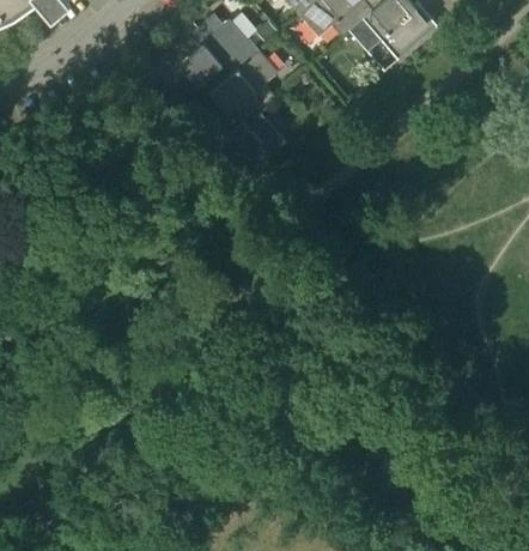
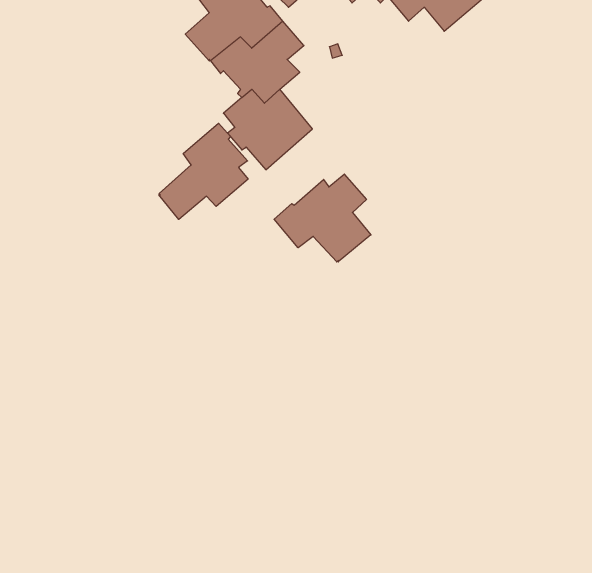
building: none -> [159,123,248,219]
building: none -> [274,174,371,262]

